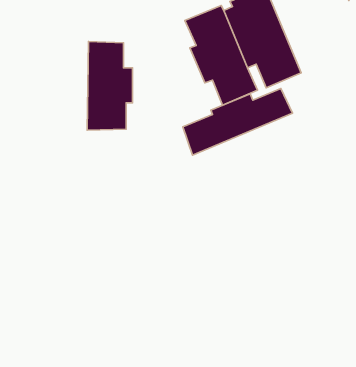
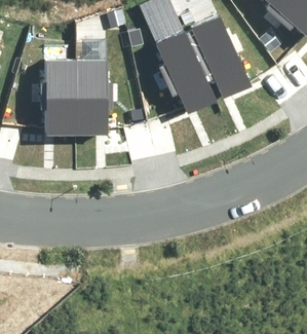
building: none -> [39,61,76,134]
building: [183,89,292,155] -> none

